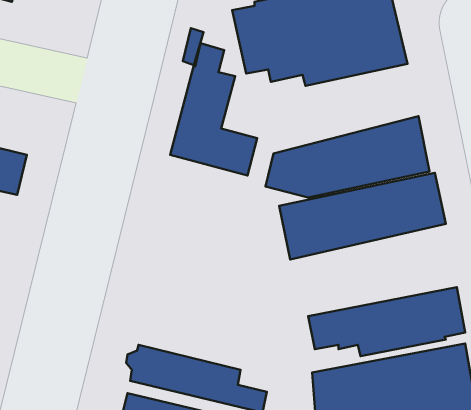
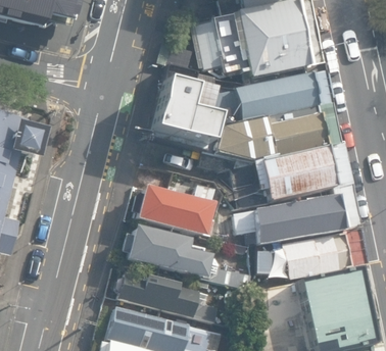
building: none -> [204,69,331,127]
building: none -> [134,182,210,236]
building: none -> [233,185,359,245]
building: none -> [125,225,249,289]

